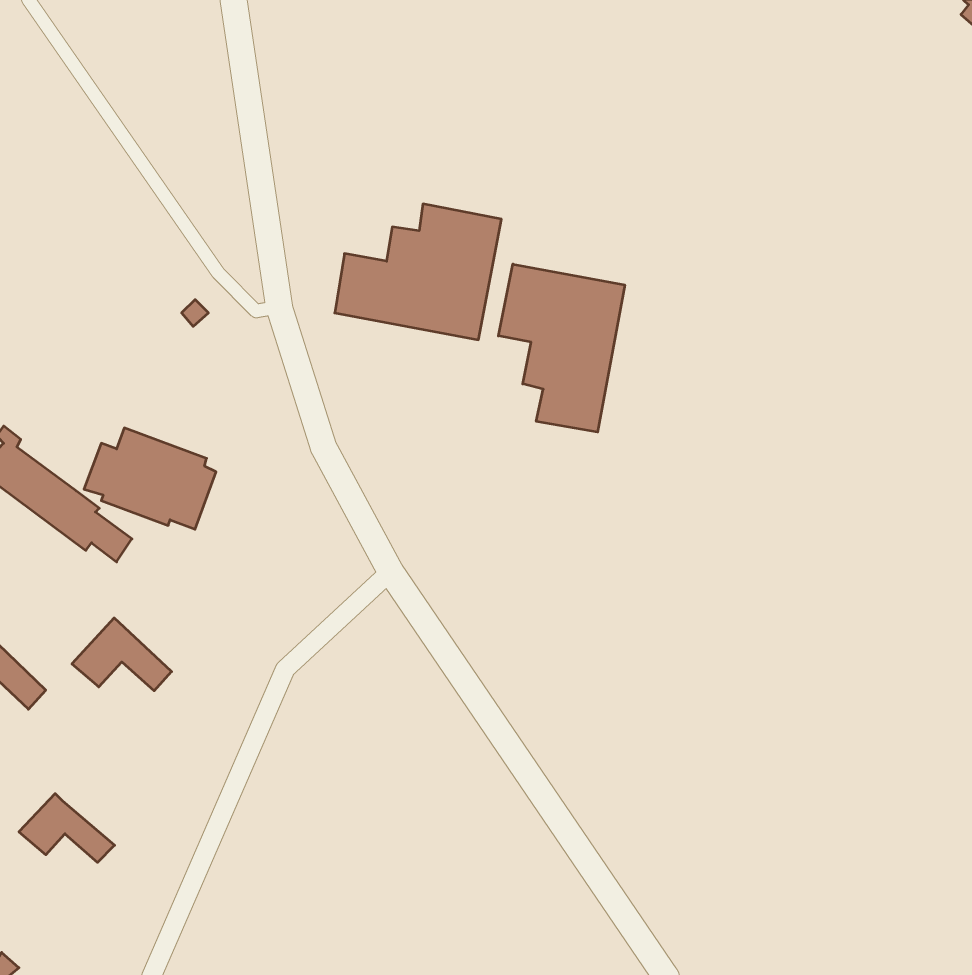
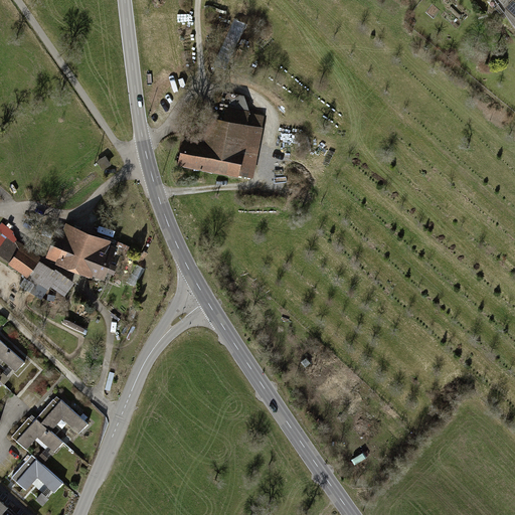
building: [498,264,625,432] -> none
building: [72,618,172,691] -> [34,398,87,437]
building: none -> [12,458,62,494]

